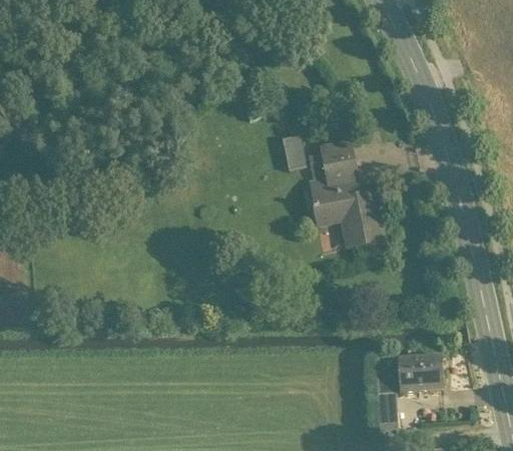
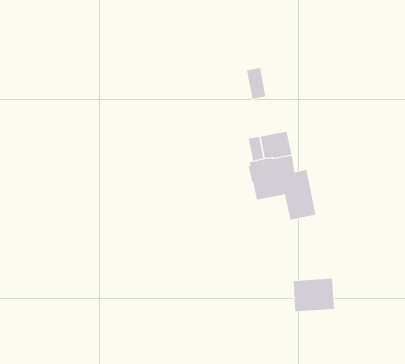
building: [282,134,304,169] -> [246,67,266,99]
building: [397,354,443,391] -> [293,278,335,312]

